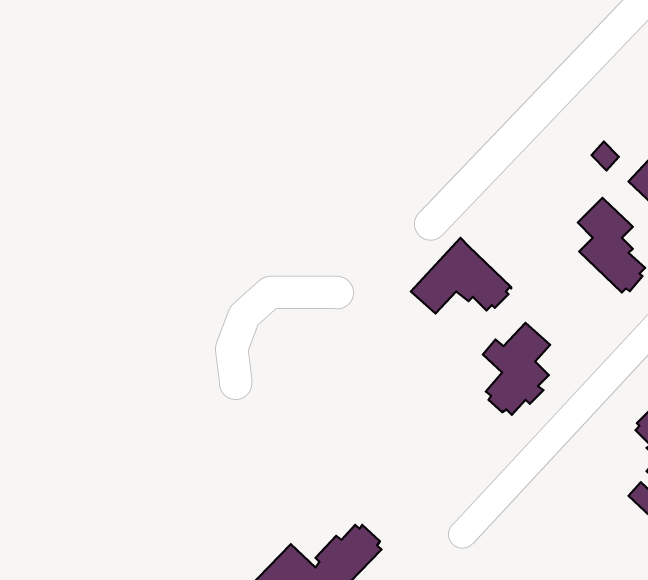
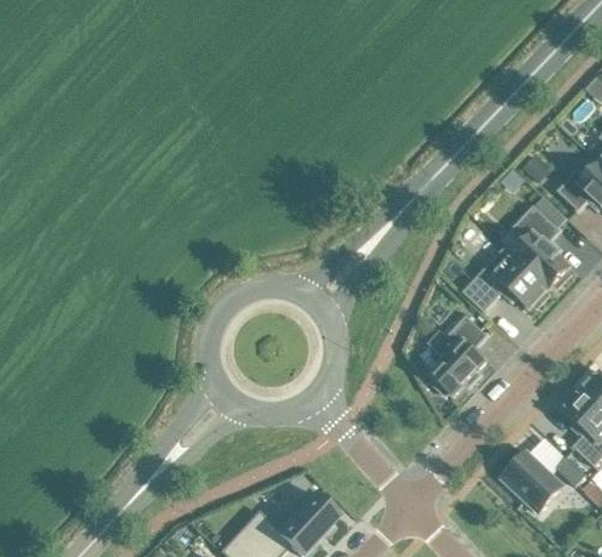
building: [411,238,511,313] -> [462,244,551,311]
building: none -> [501,450,564,512]

